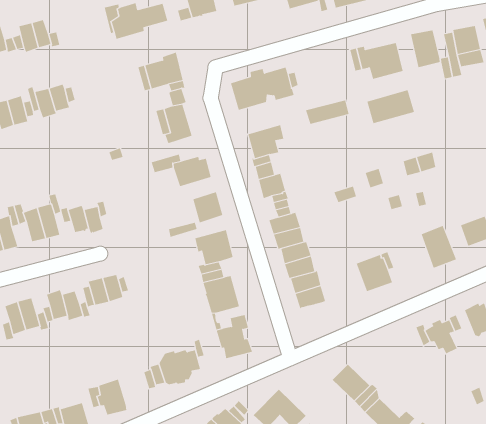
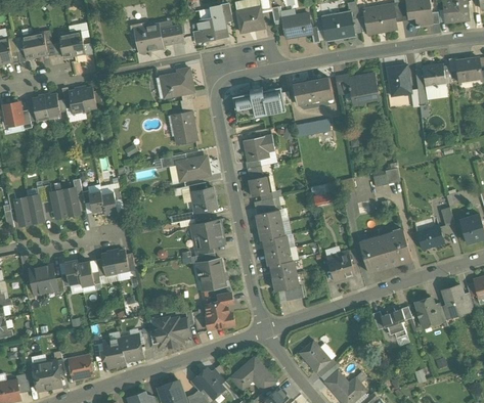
building: [366,90,415,124] -> [293,78,333,104]
building: none -> [359,236,391,273]
building: none -> [120,335,142,361]

